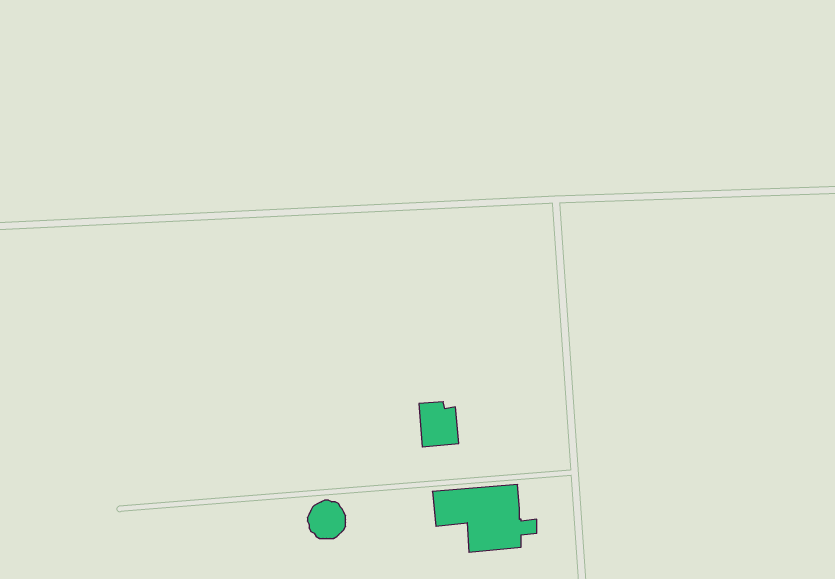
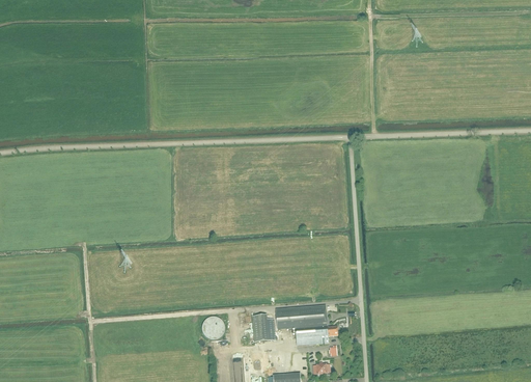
building: [419,402,459,447] -> [251,313,275,340]

